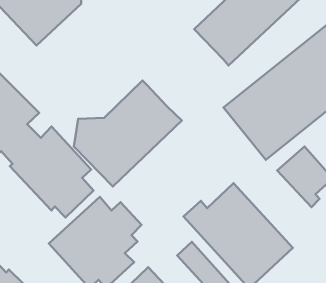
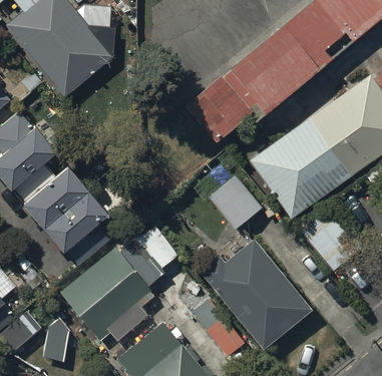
building: none -> [185,75,253,141]
building: [74,81,182,186] -> none
building: none -> [208,175,261,230]

